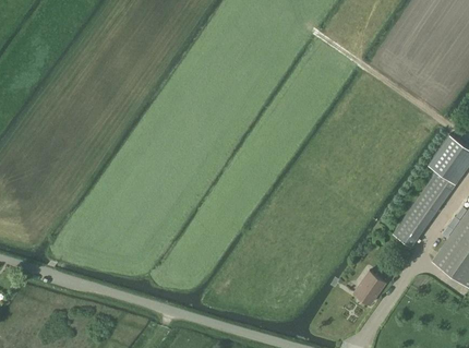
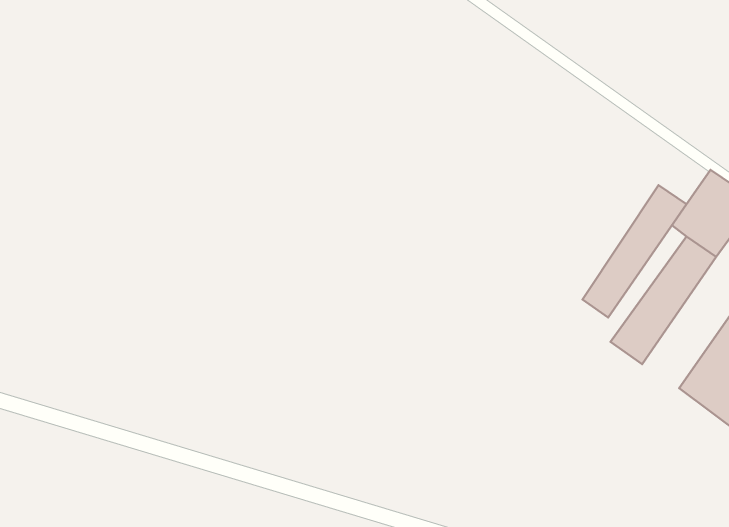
building: none -> [582,185,686,317]
building: [352,272,384,305] -> none

